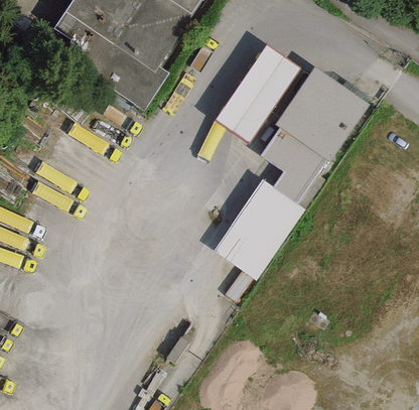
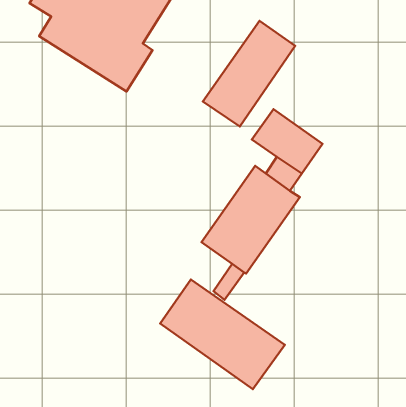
building: [276,65,371,161] -> none
building: none -> [160,280,285,389]

